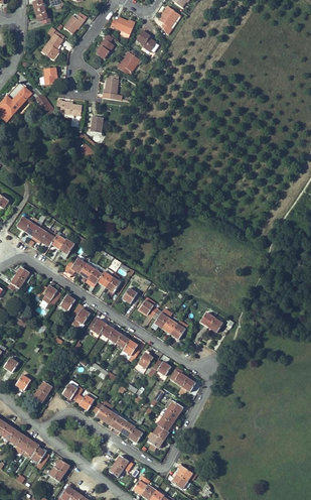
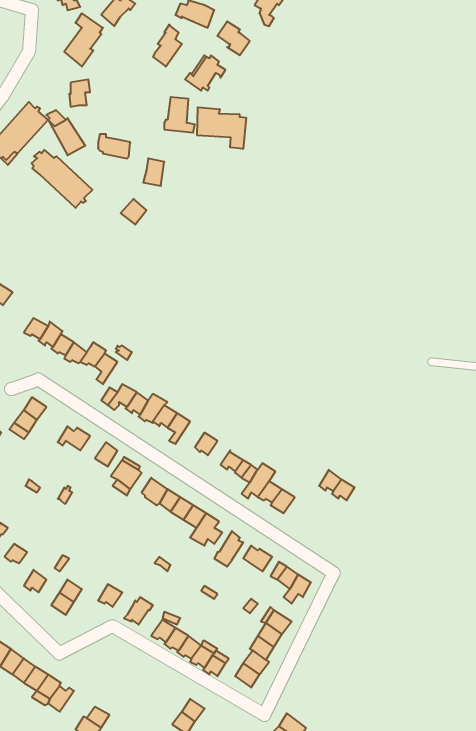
building: none -> [197,107,246,149]
building: none -> [32,150,92,208]

